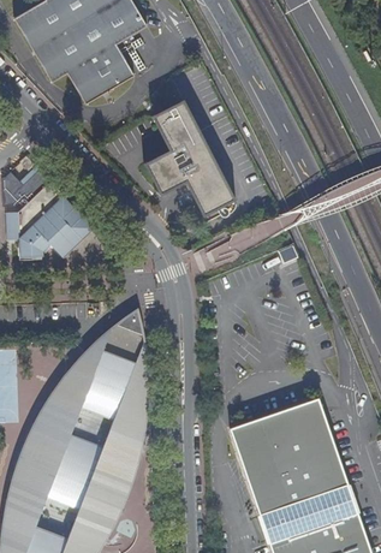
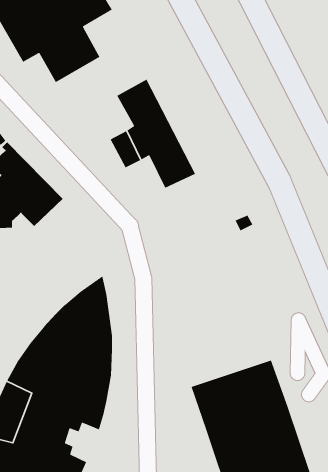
building: [97,469,133,510] -> none

